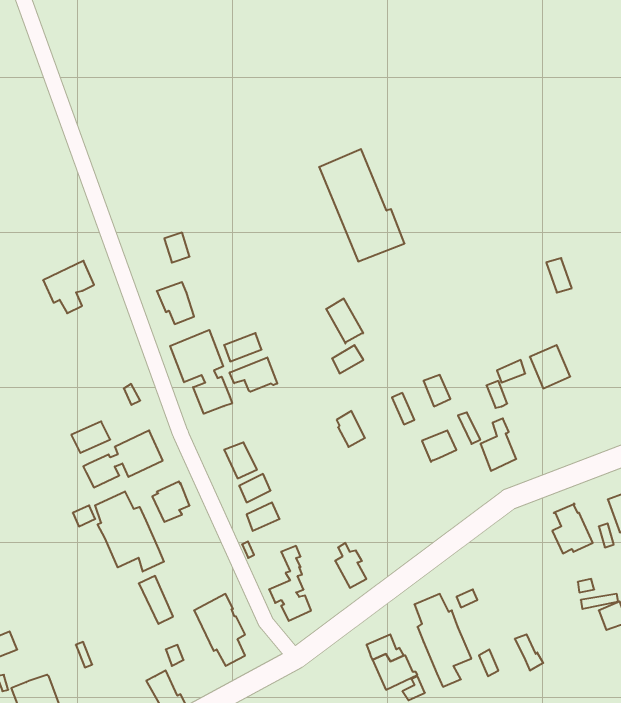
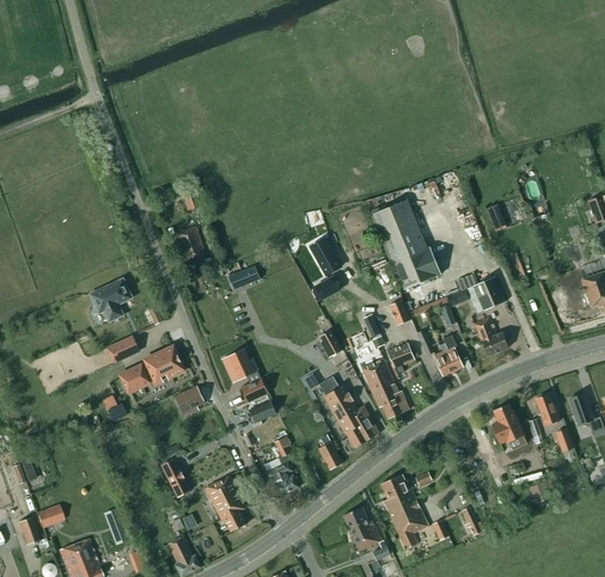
building: [319,149,405,261] -> [372,200,440,289]
building: [43,261,94,313] -> [90,278,130,320]
building: [170,330,232,414] -> none
building: [230,357,277,392] -> none
building: none -> [473,317,507,356]
building: none -> [360,358,409,418]
building: none -> [318,377,379,448]
building: [95,491,164,572] -> none

